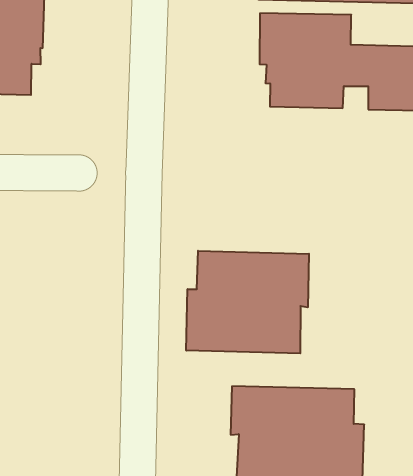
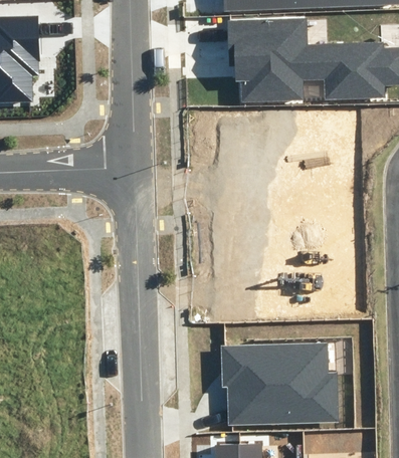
building: [186,251,309,353] -> none

